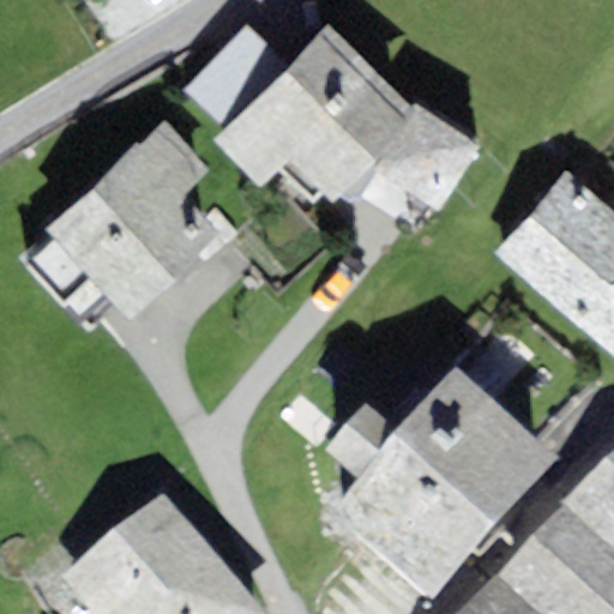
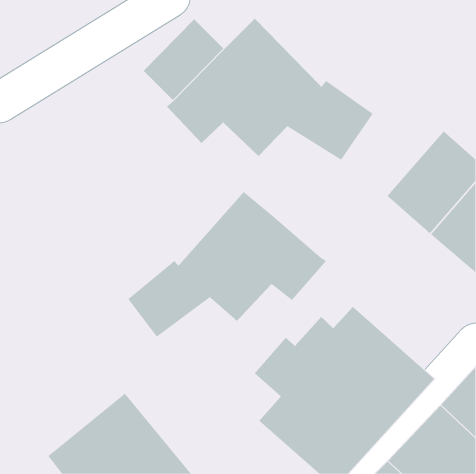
building: [47,119,237,318] -> none
building: none -> [128,191,327,338]

